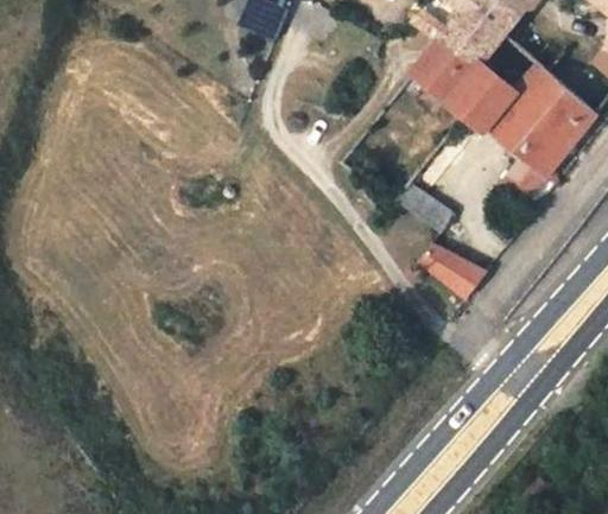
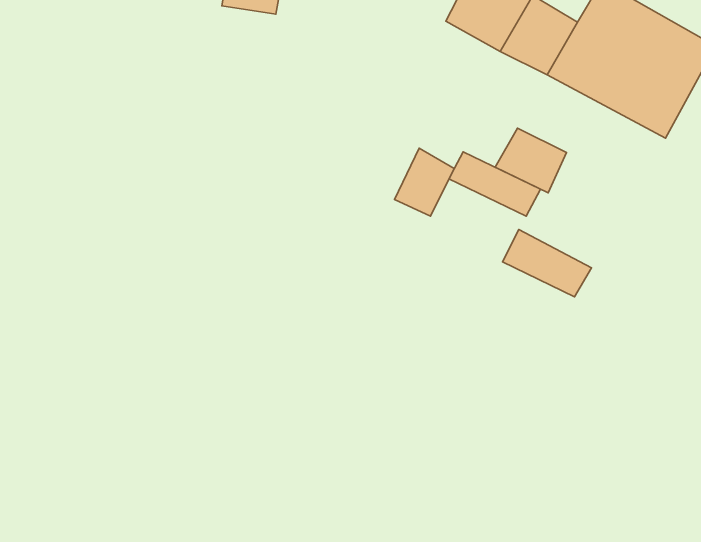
building: none -> [495,128,567,193]
building: none -> [394,148,454,216]

